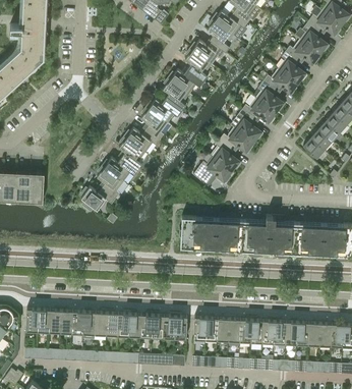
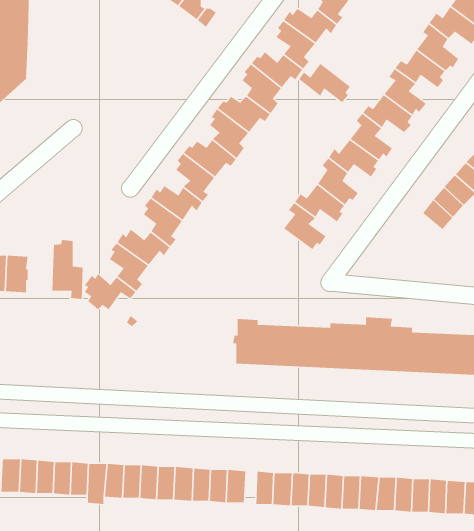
building: none -> [298,63,351,103]
building: [193,158,231,185] -> none
building: none -> [51,239,83,300]

